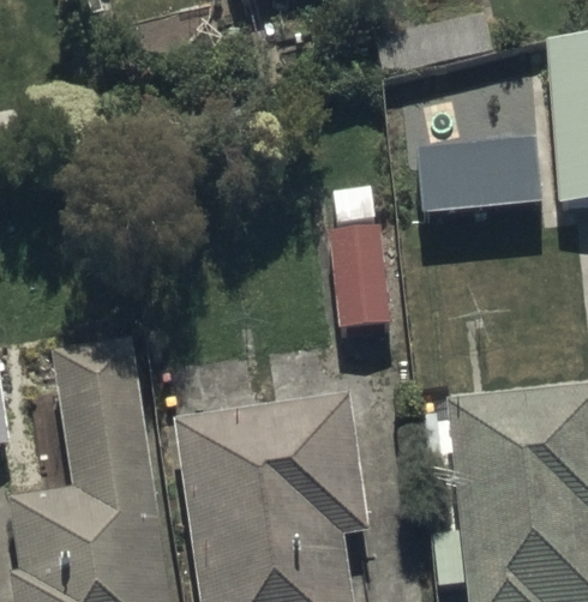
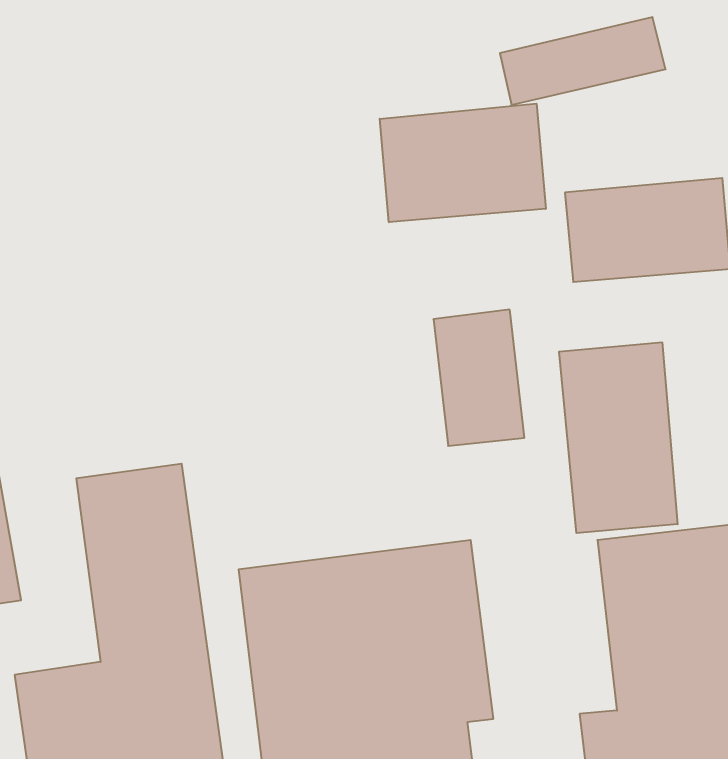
building: none -> [380,104,546,222]
building: none -> [559,342,678,533]

